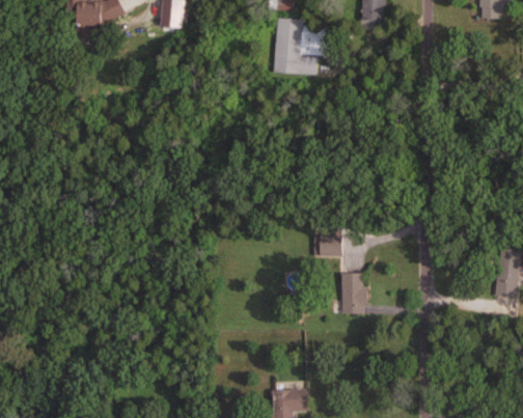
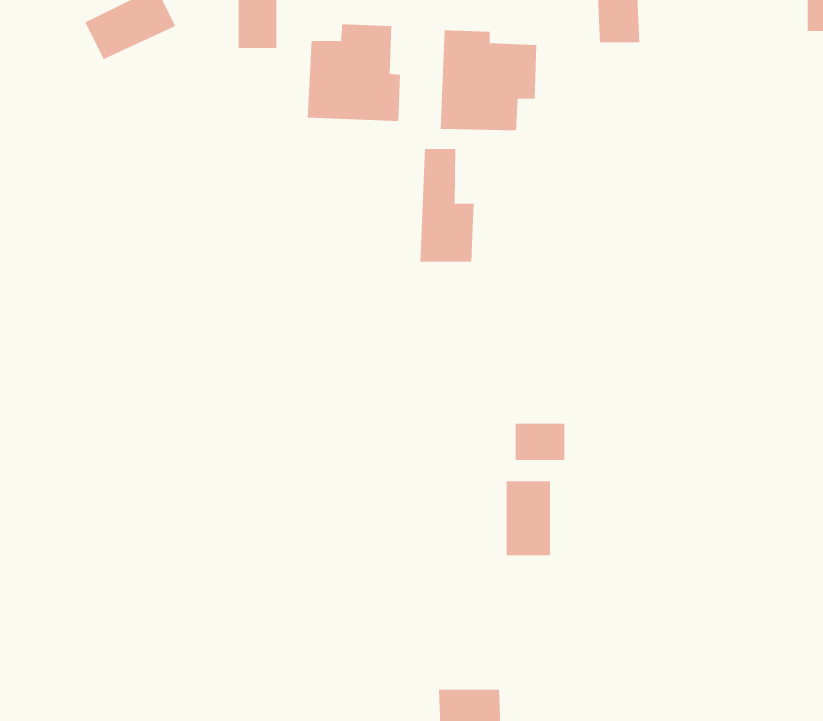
building: none -> [307,24,401,122]
building: none -> [420,148,474,262]
building: [343,273,368,314] -> [506,481,551,556]

